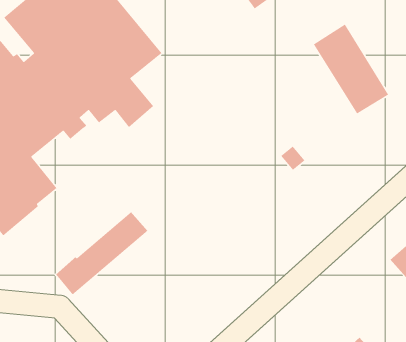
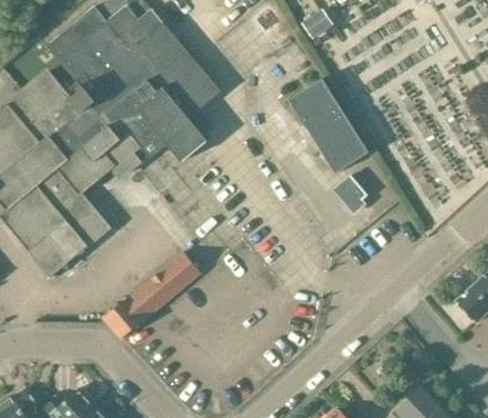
building: [313,23,389,114] -> [288,78,368,173]

